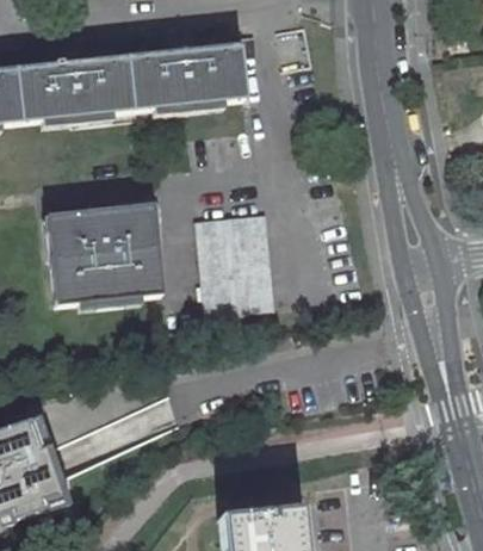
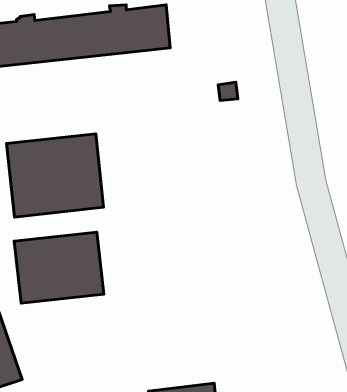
building: [199,210,277,312] -> none
building: none -> [14,232,104,303]

